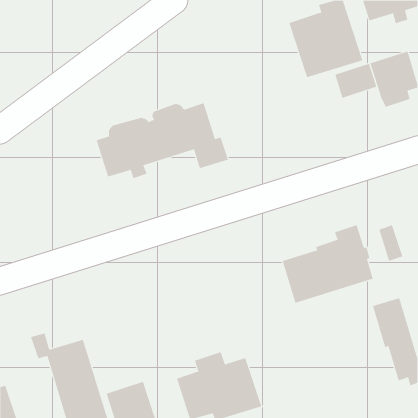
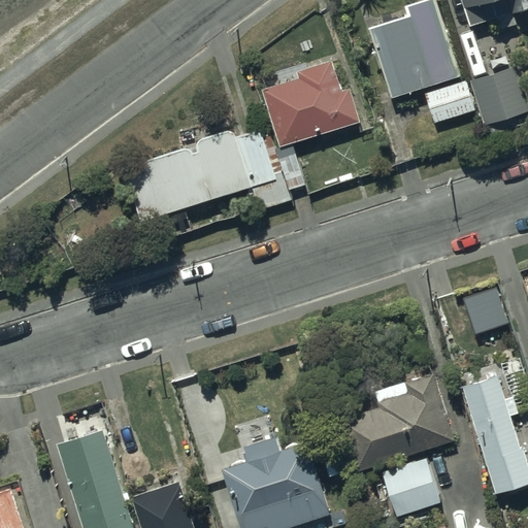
building: none -> [264,61,360,189]
building: [282,225,374,303] -> [334,373,450,472]
building: none -> [377,456,440,517]

